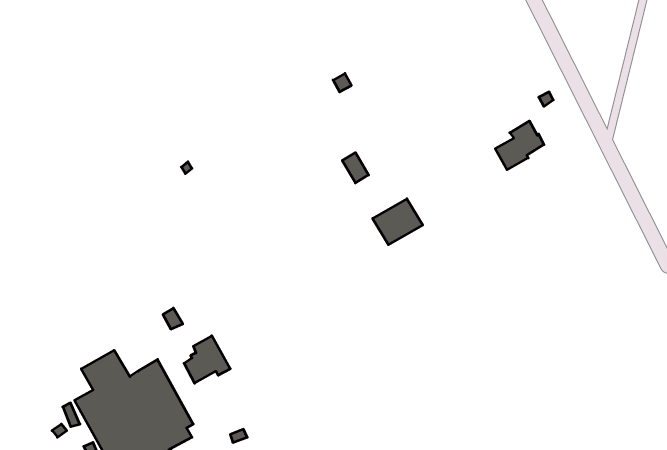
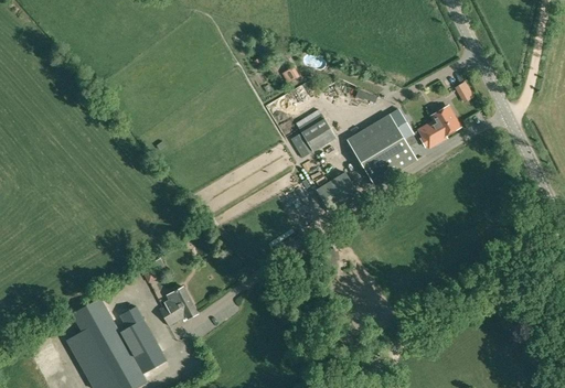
building: none -> [347,109,416,184]
building: none -> [301,118,335,151]

